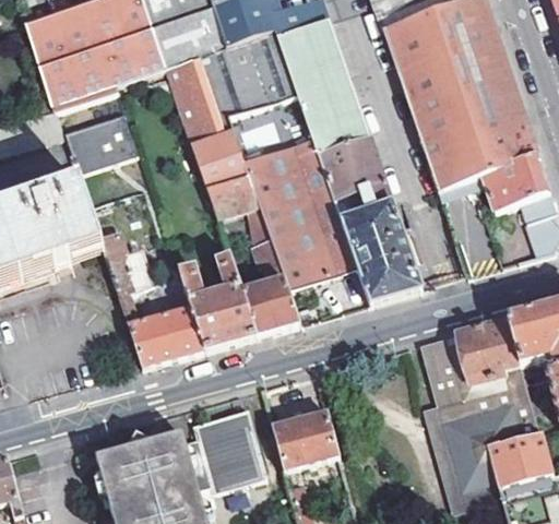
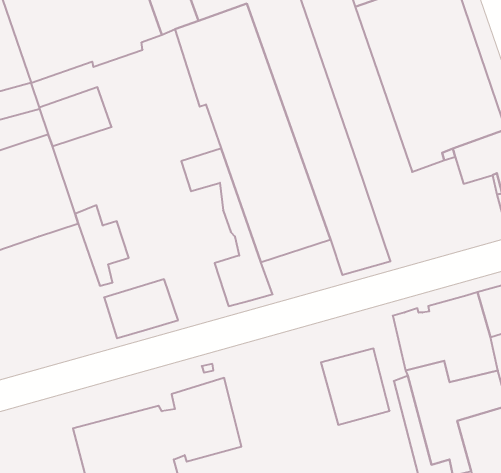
building: [166,51,247,186] -> none
building: [177,251,254,347] -> none
building: [273,413,343,490] -> [321,349,390,425]

